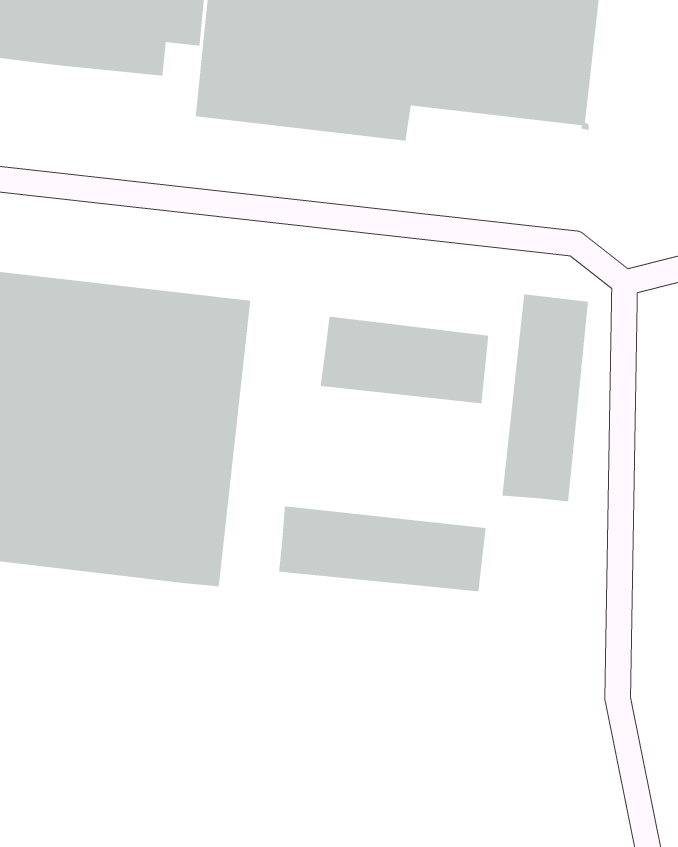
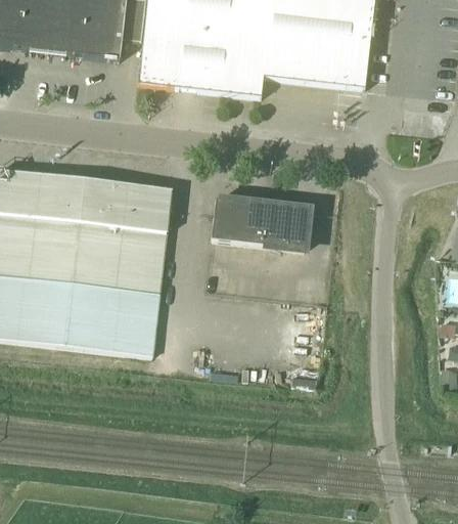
building: [502,293,589,502] -> none
building: [278,505,487,592] -> none

